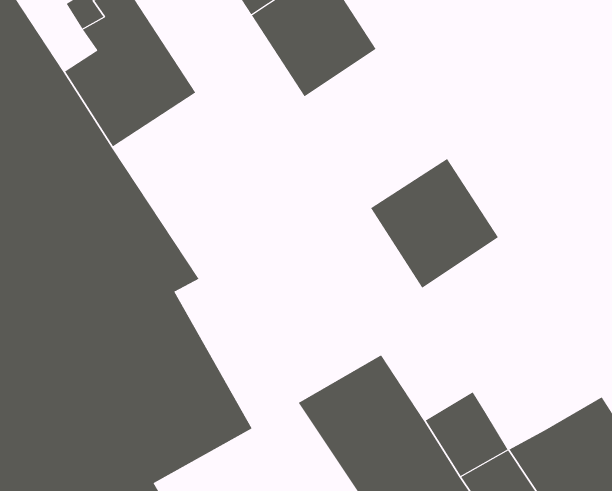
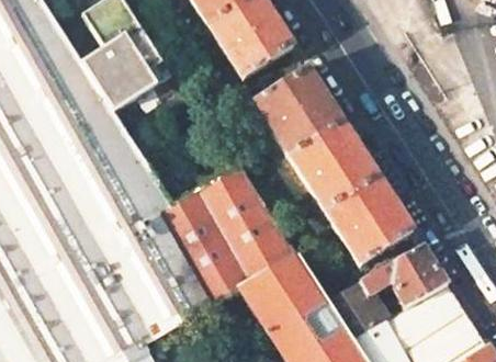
building: none -> [253,66,342,156]
building: none -> [157,167,297,306]
building: none -> [325,176,414,265]
building: none -> [360,246,448,307]

